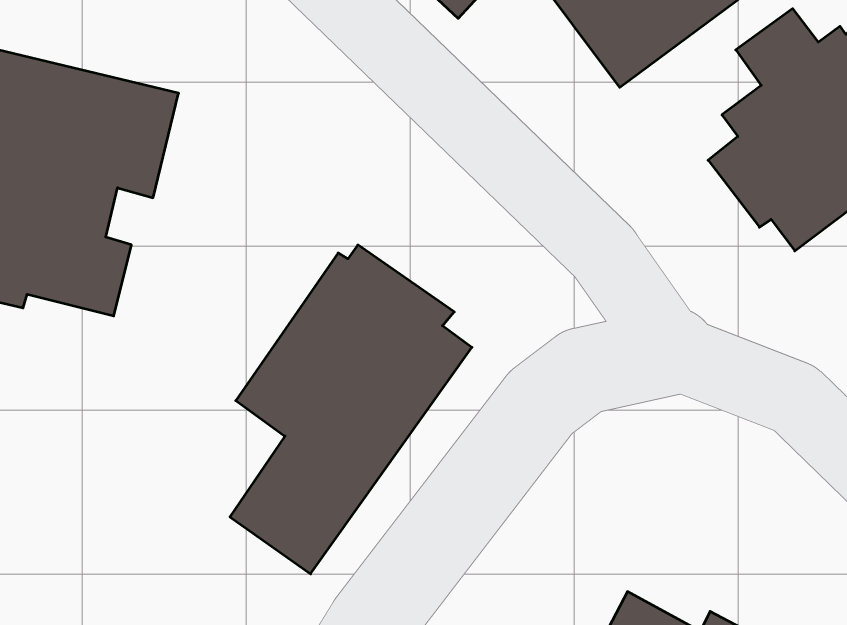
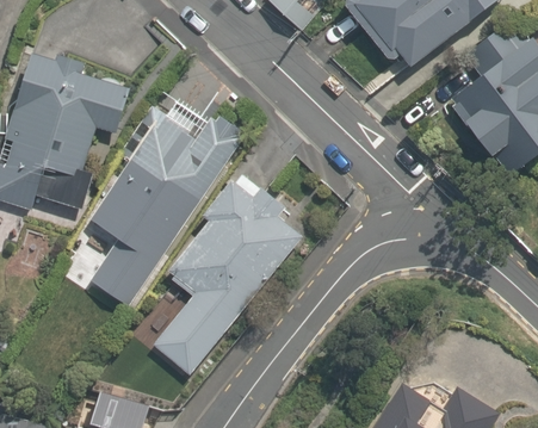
building: none -> [85,98,247,309]

